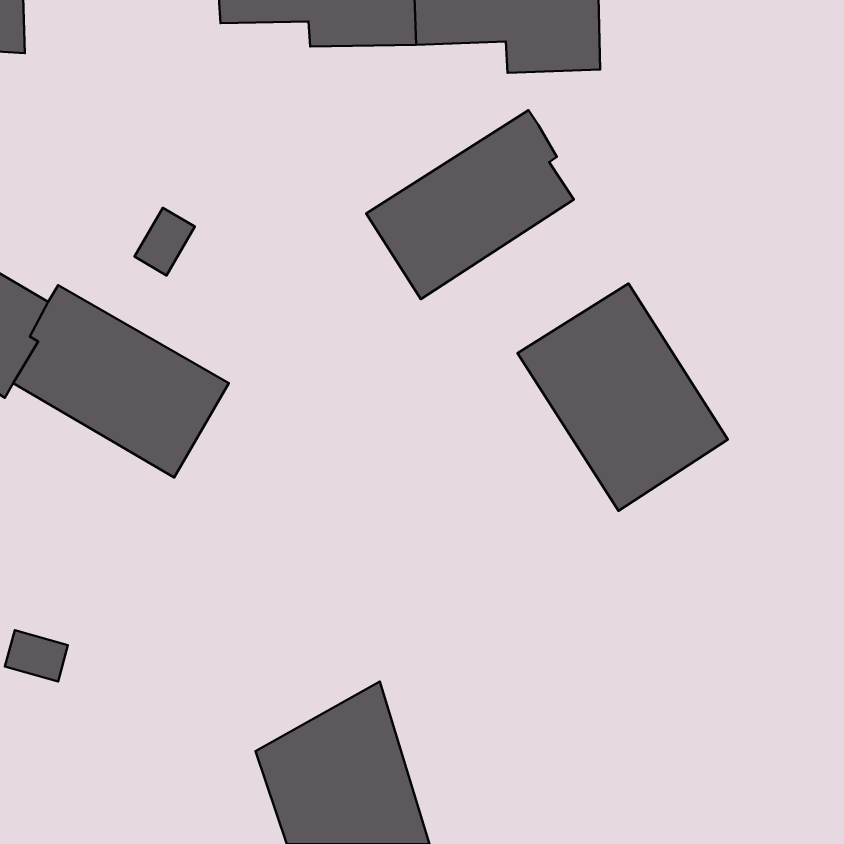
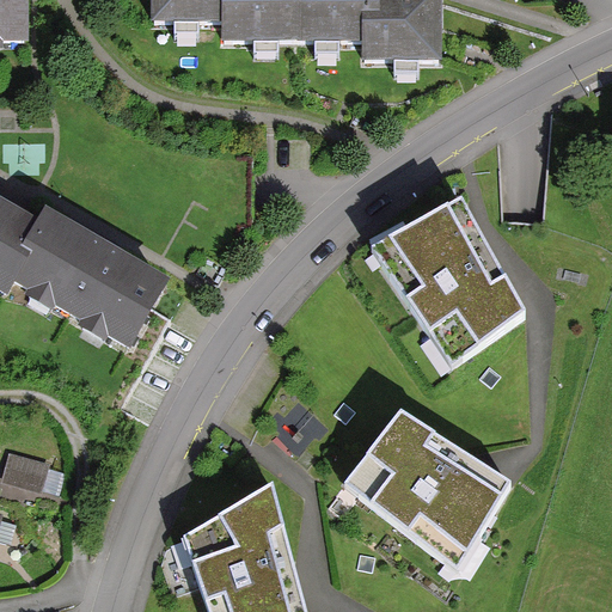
building: [366,110,574,299] -> none
building: [135,208,195,275] -> none
building: none -> [348,417,512,570]

